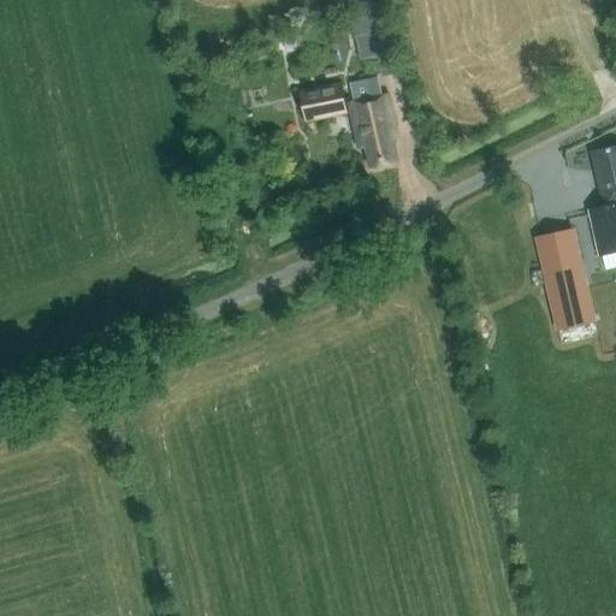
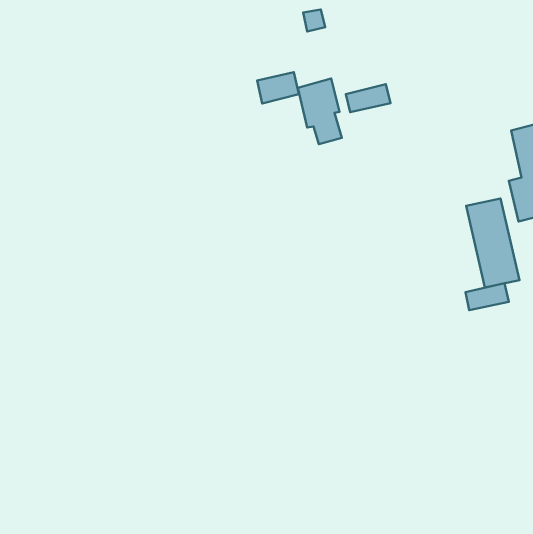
building: none -> [346,84,390,112]
building: none -> [465,283,509,310]

